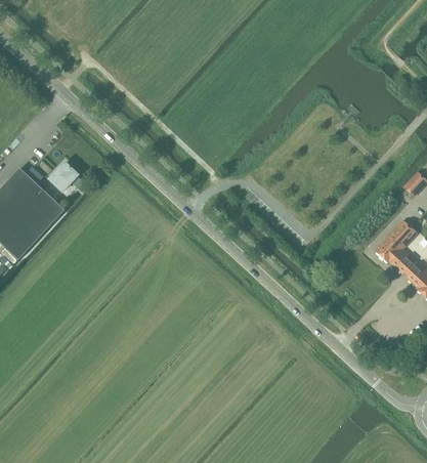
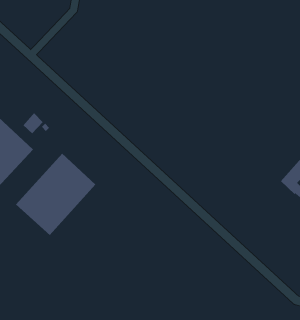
building: none -> [15,153,96,236]

